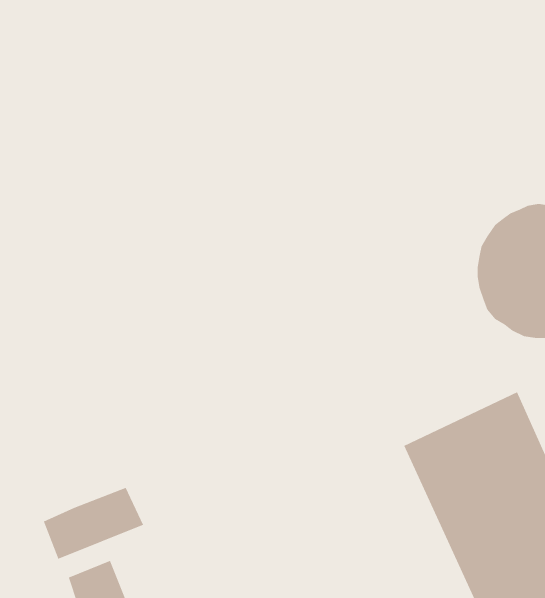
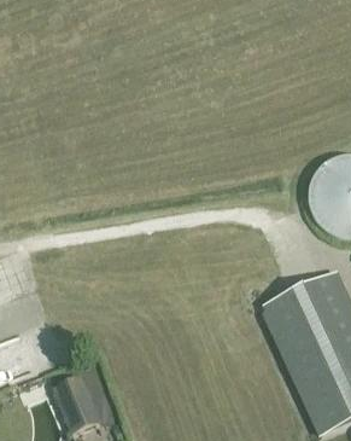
building: [43,487,144,560] -> none

